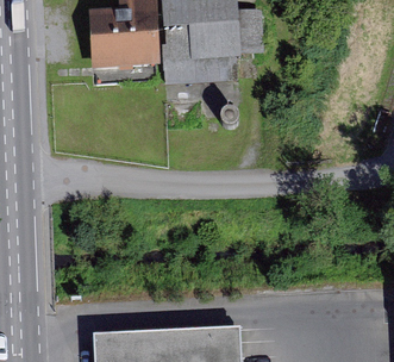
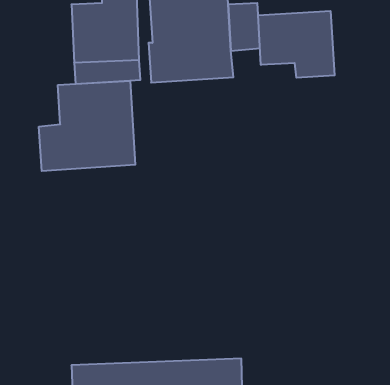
building: none -> [258,11,335,78]
building: none -> [39,81,135,171]

